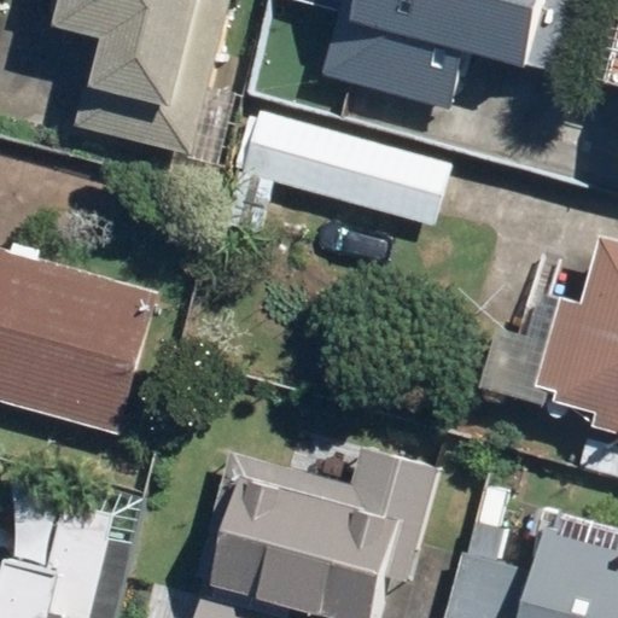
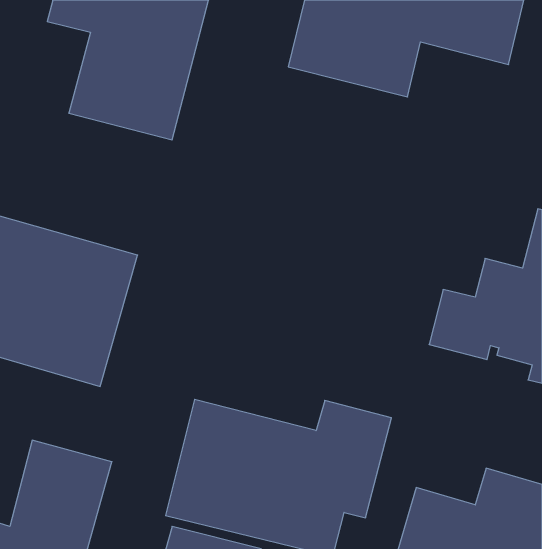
building: [244,110,457,228] -> none

